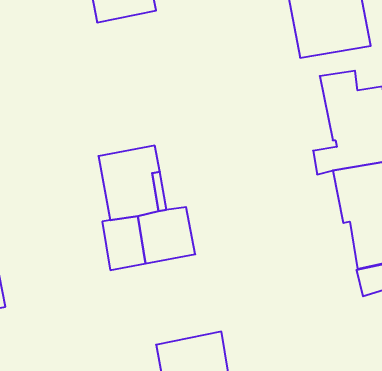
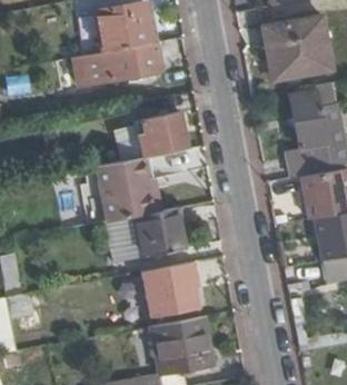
building: none -> [72,41,158,85]
building: none -> [132,111,186,157]
building: none -> [140,260,198,316]

